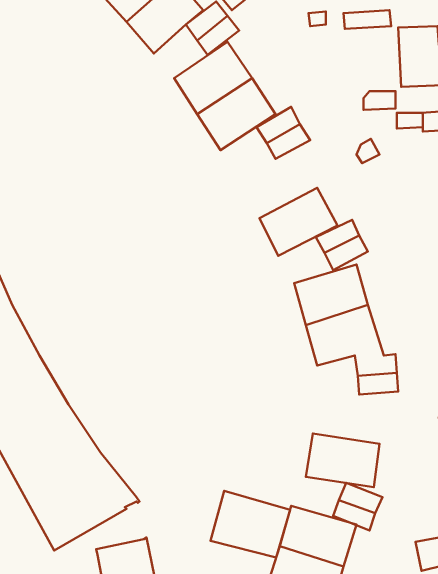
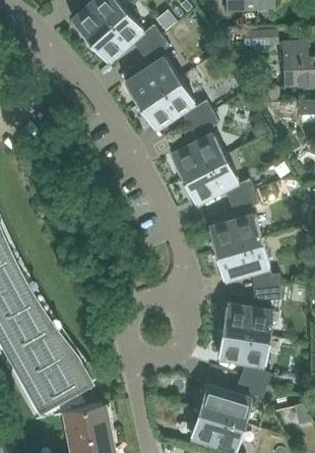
building: none -> [170,131,225,179]
building: none -> [222,301,273,338]
building: [211,491,290,558] -> none

